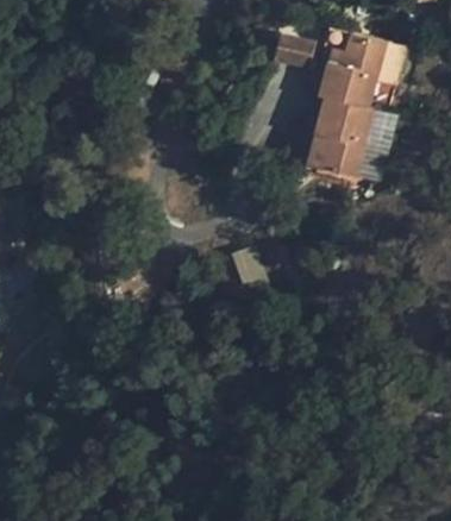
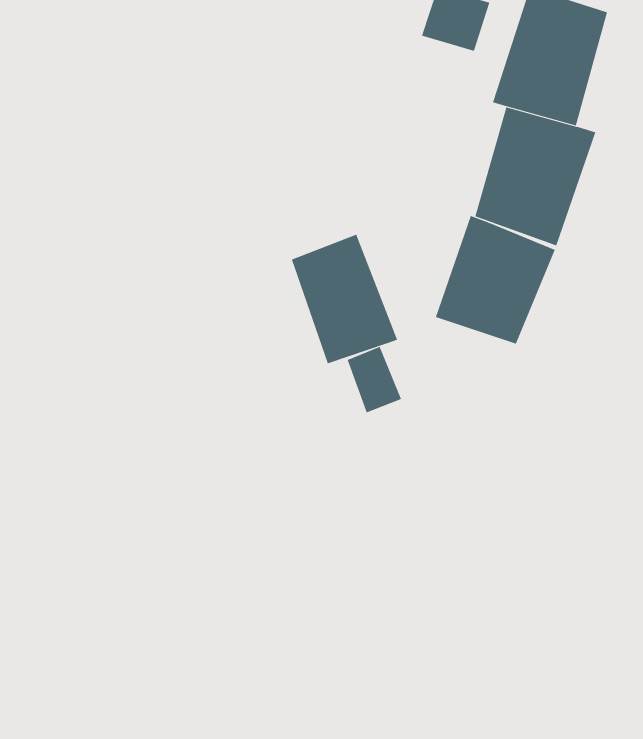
building: none -> [435,215,555,345]
building: none -> [291,234,398,364]

